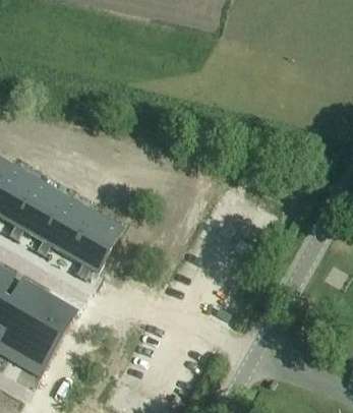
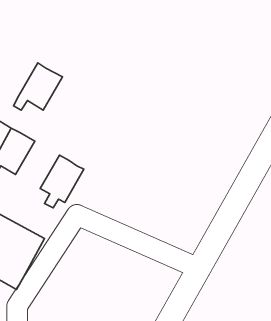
building: [36,198,93,253] -> [13,63,62,110]

